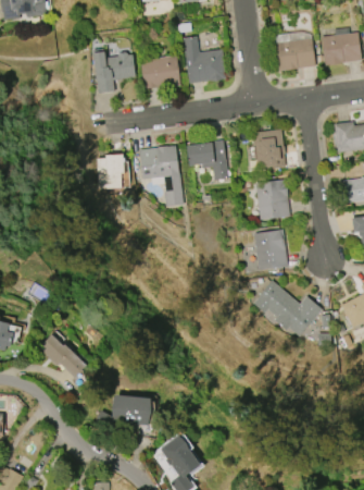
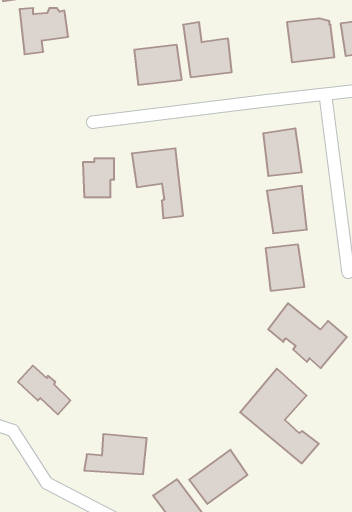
building: [93,52,136,93] -> [19,8,68,54]
building: [186,139,230,181] -> none
building: none -> [240,369,319,463]
building: none -> [189,450,247,504]

